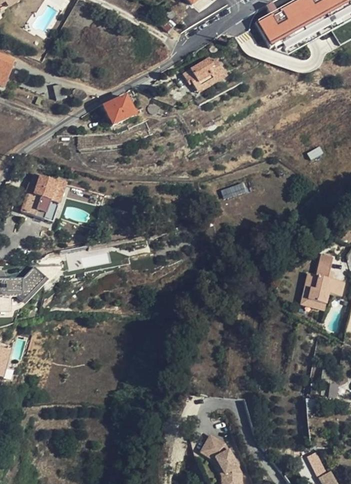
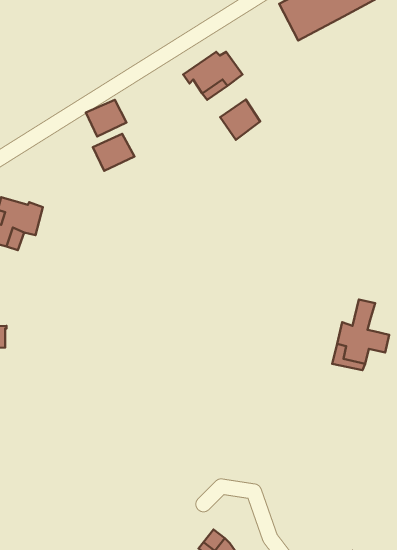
building: none -> [220,100,260,140]
building: none -> [93,134,134,171]

